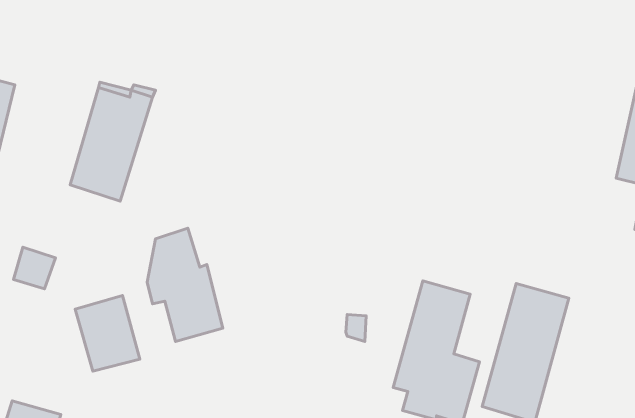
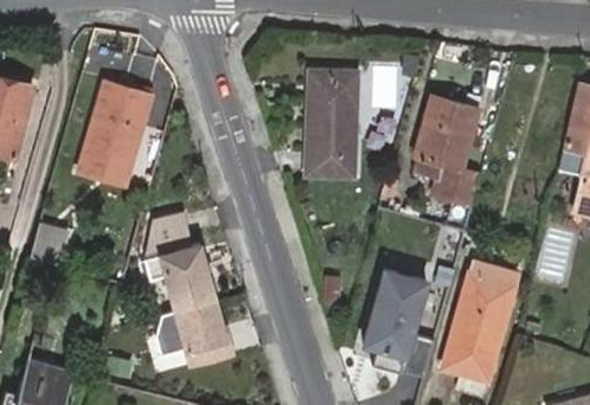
building: none -> [306,71,353,178]
building: none -> [413,96,479,201]
building: [75,296,140,371] -> [173,298,230,365]

